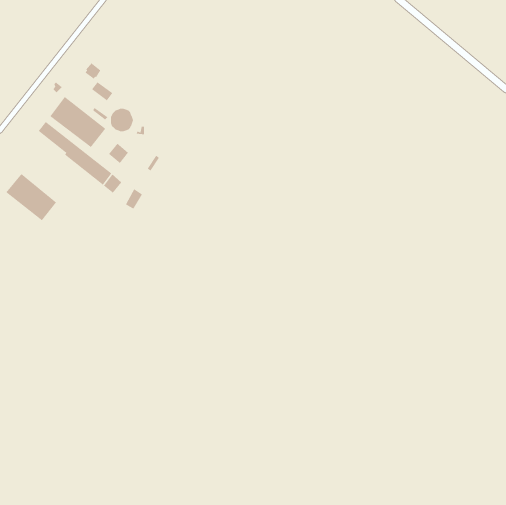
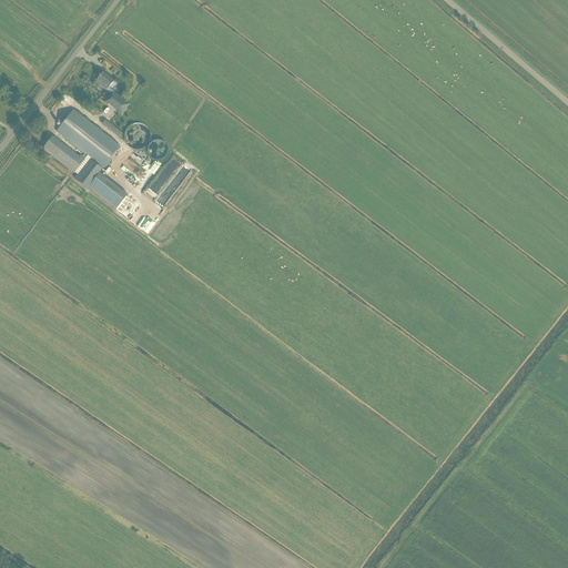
building: [5,173,57,221] -> none

